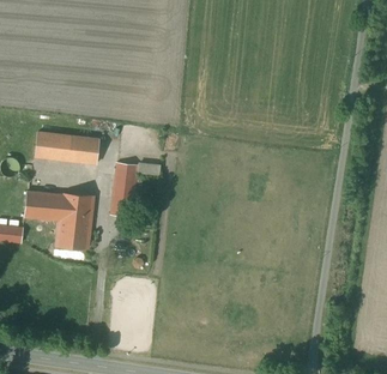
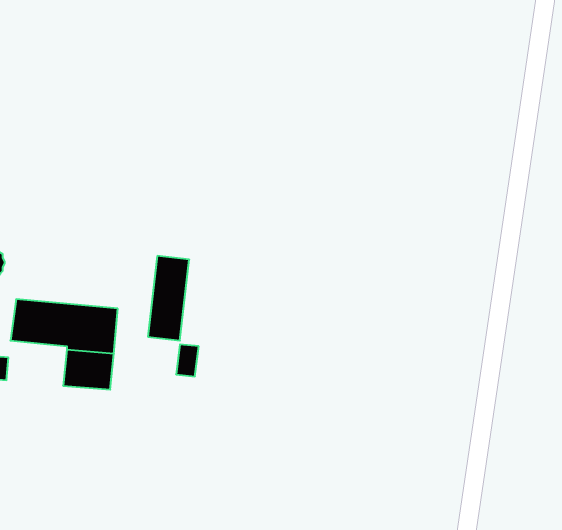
building: [35,132,99,163] -> none

